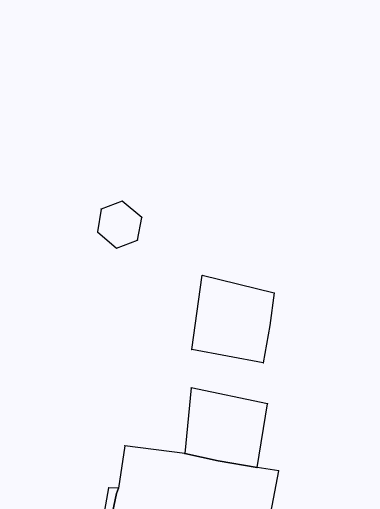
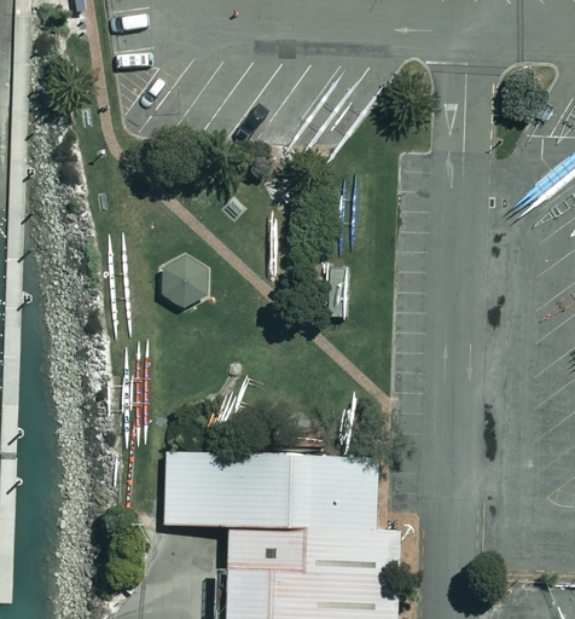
building: [192,275,274,363] -> none
building: none -> [162,451,295,527]

